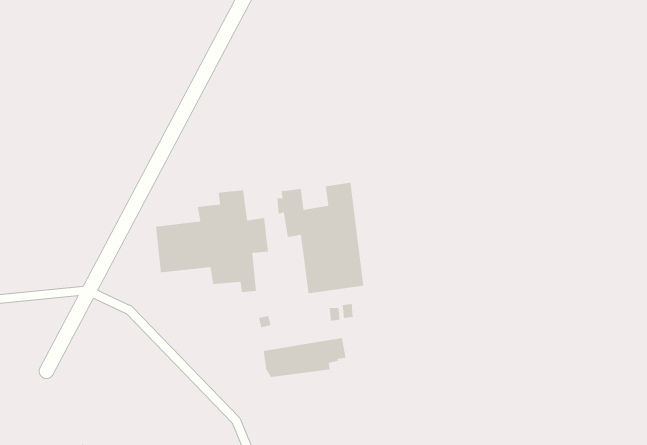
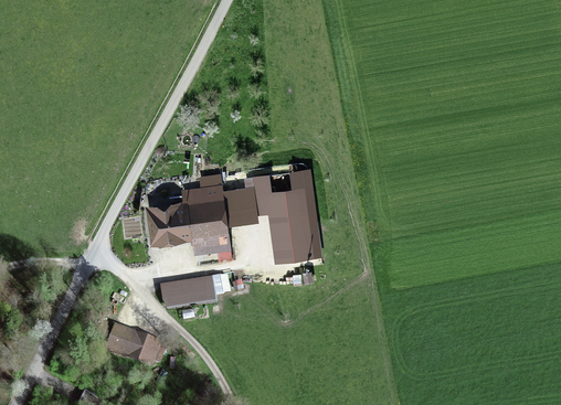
building: [263,337,346,378] -> [159,274,230,308]
building: none -> [104,323,165,366]

